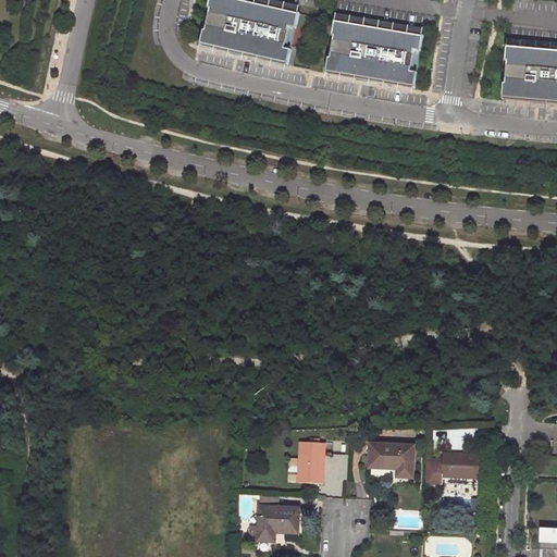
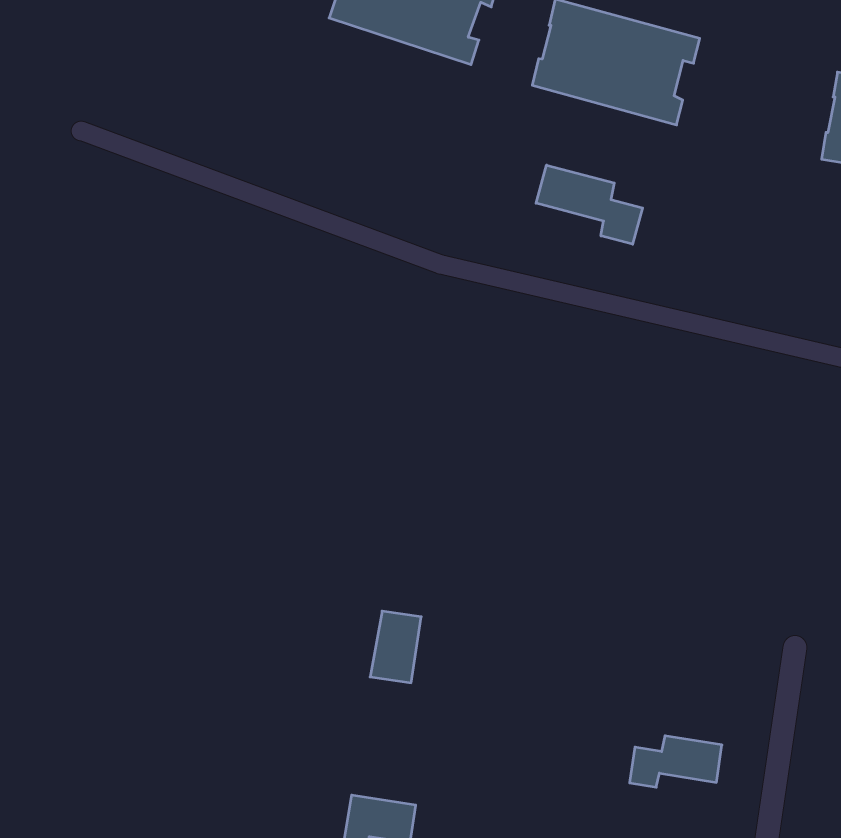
building: none -> [536,165,643,244]
building: [298,442,325,483] -> [370,611,421,683]
building: [369,443,413,475] -> none

